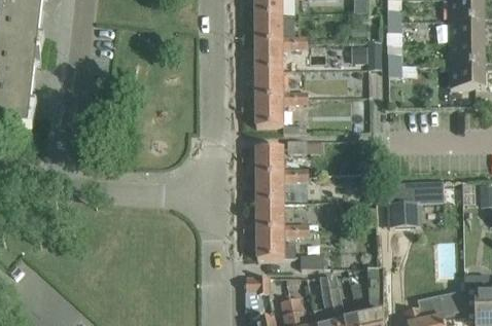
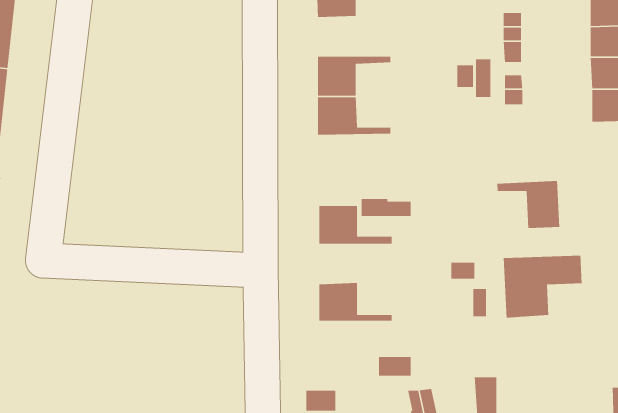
building: [255,13,308,41] -> none
building: [255,97,308,126] -> none
building: none -> [496,180,560,229]
building: [256,175,309,203] -> none
building: [256,229,309,259] -> none

